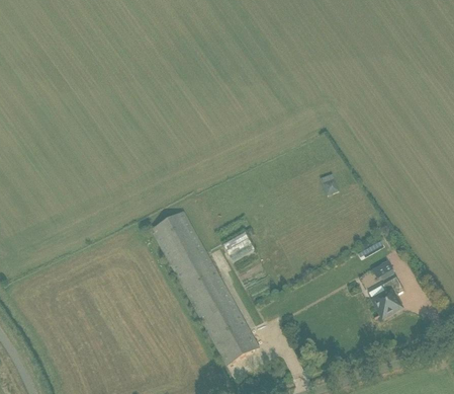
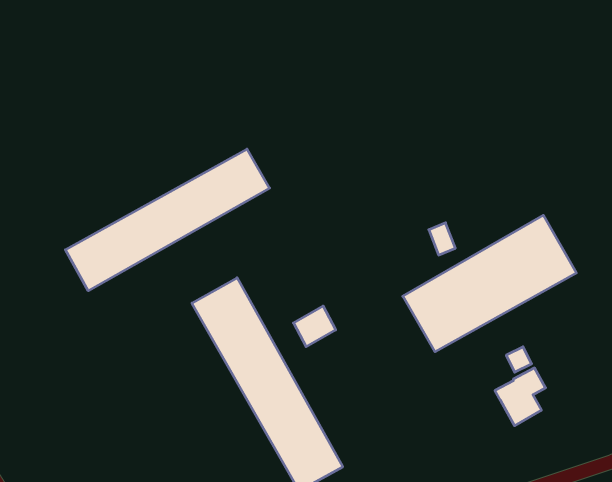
building: none -> [65,149,270,291]
building: none -> [403,215,576,352]

